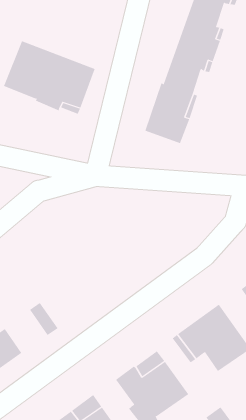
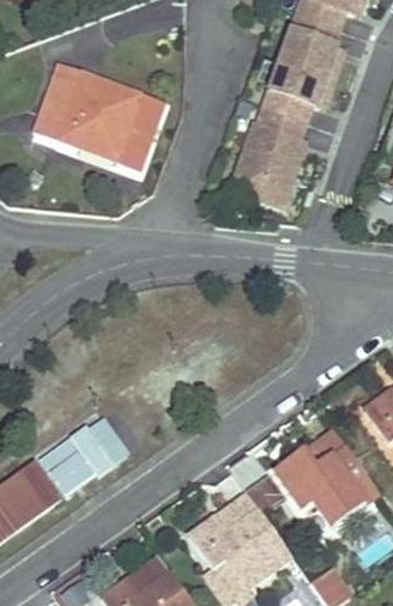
building: none -> [40,437,96,495]

